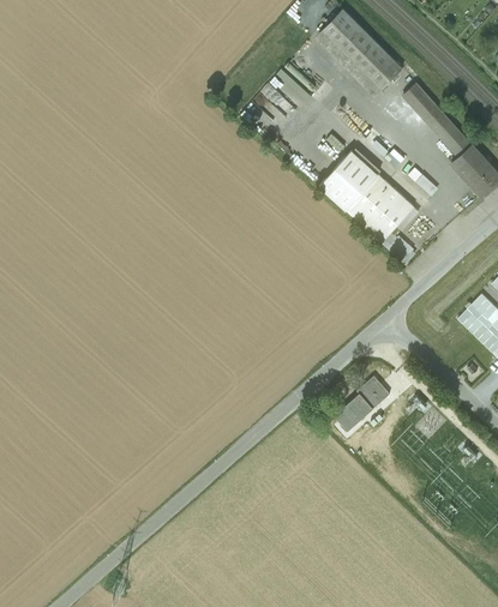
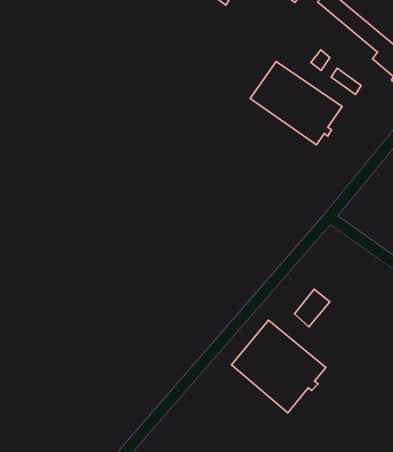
building: [356,377,390,409] -> none
building: none -> [232,320,326,413]

